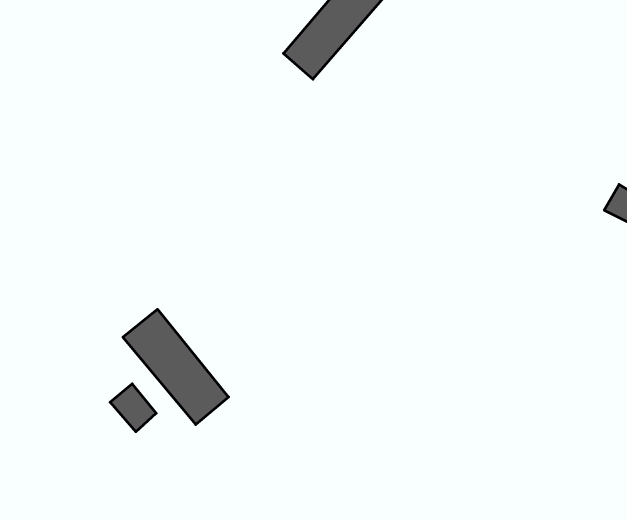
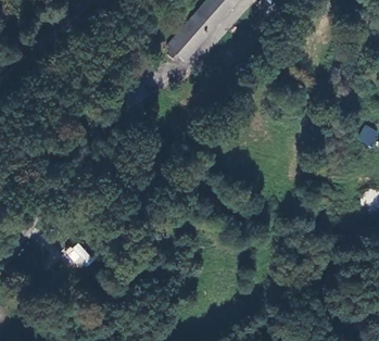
building: [123,309,229,425] -> none

